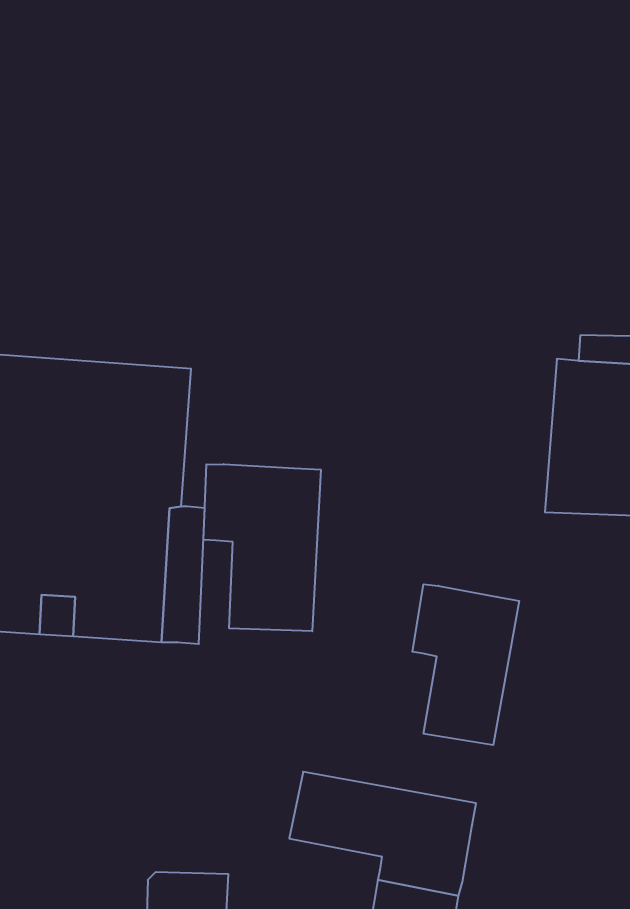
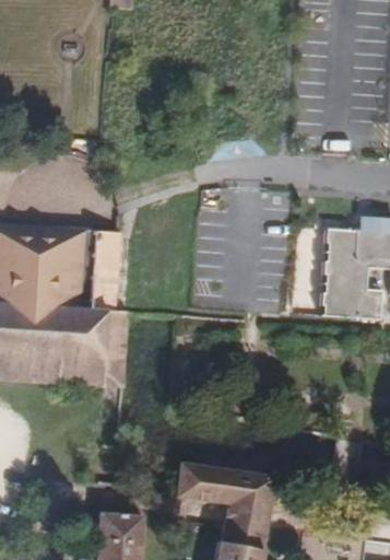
building: [204,464,321,631] -> none
building: [412,584,519,745] -> none

